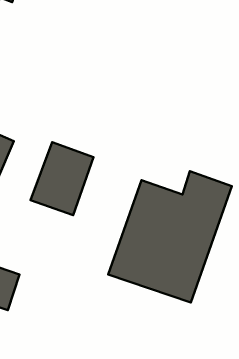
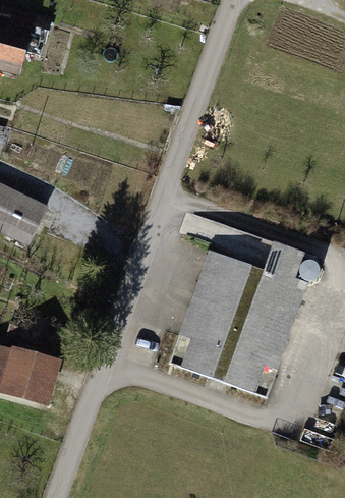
building: [30,142,94,215] -> none

